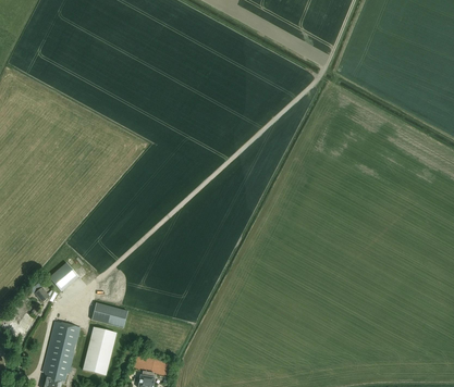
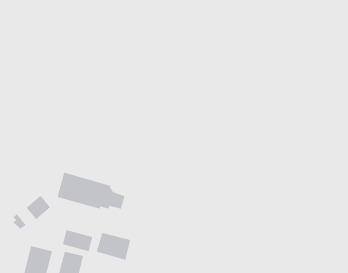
building: none -> [57,172,125,210]
building: none -> [96,232,131,261]

